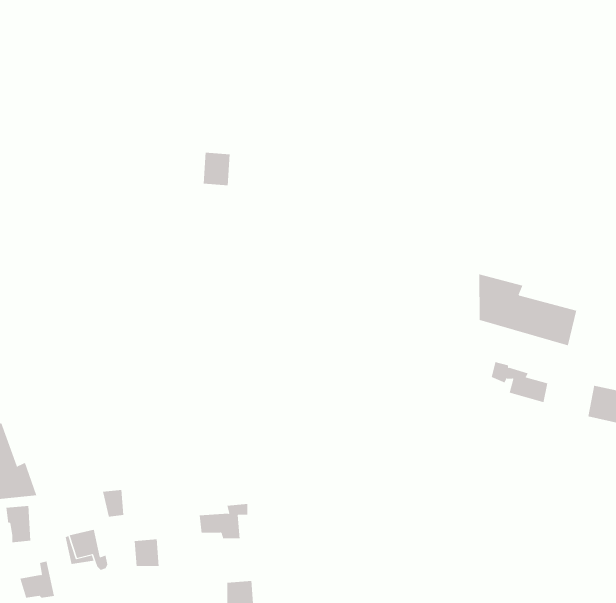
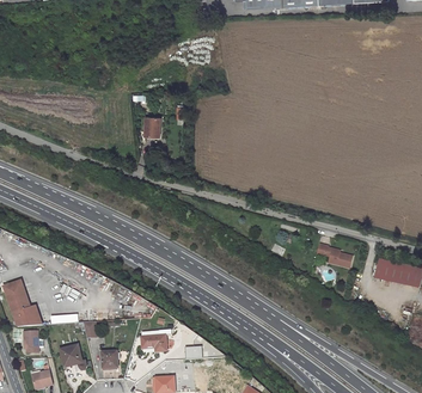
building: [479,273,577,346] -> none

